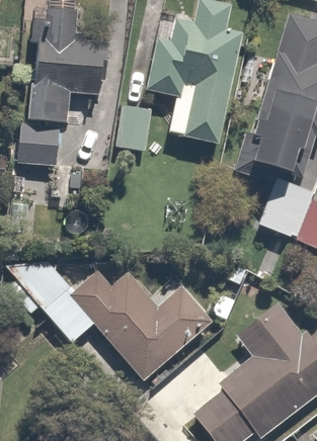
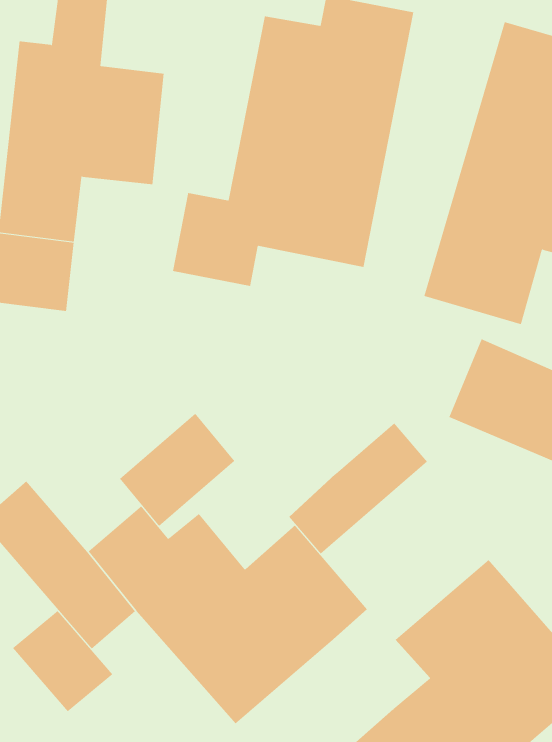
building: none -> [119,413,235,527]
building: none -> [288,423,428,554]
building: none -> [12,610,113,712]

